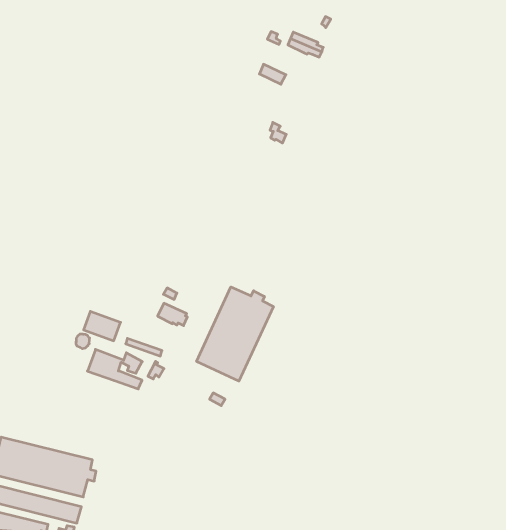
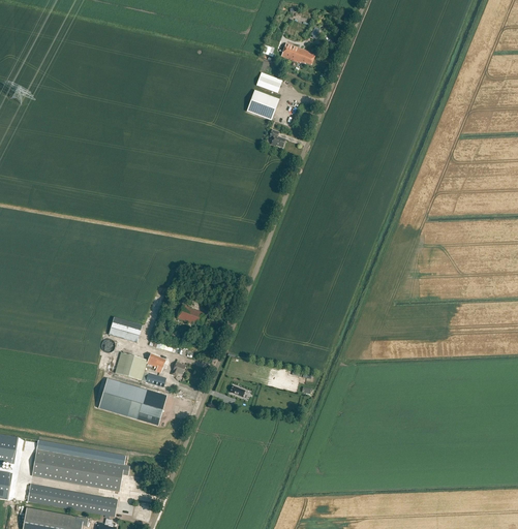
building: none -> [246,91,278,120]
building: [197,287,273,381] -> none
building: none -> [97,378,166,426]

